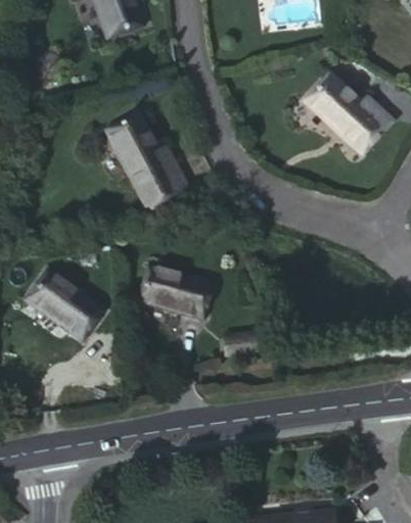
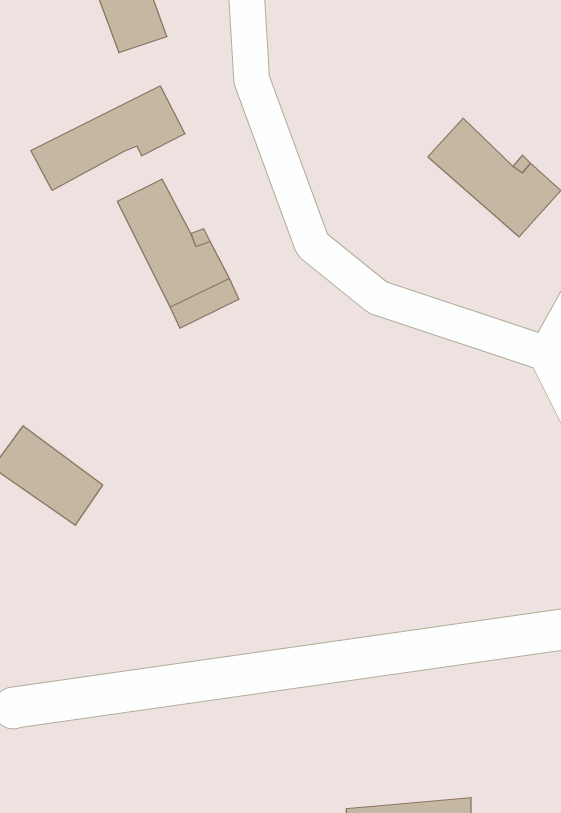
building: none -> [31,86,185,190]
building: [140,267,211,316] -> none

